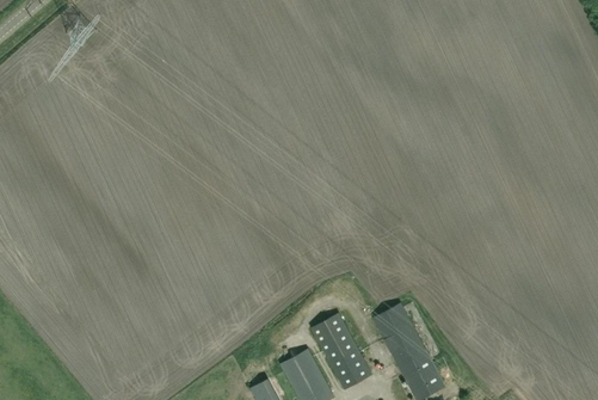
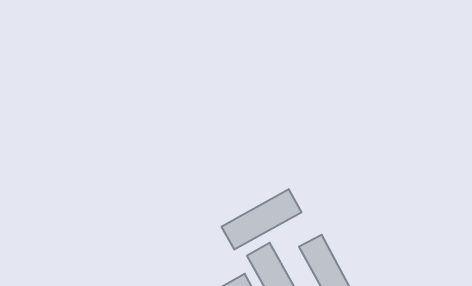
building: none -> [222,189,301,250]

